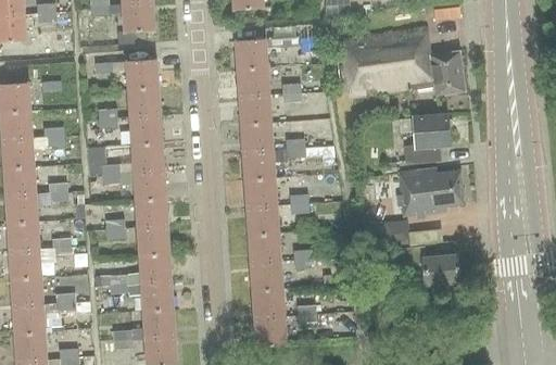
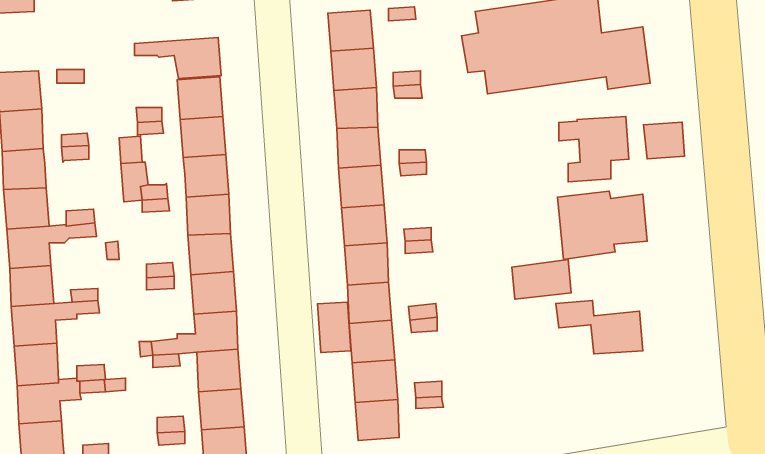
building: none -> [644,122,685,159]
building: none -> [317,302,351,353]

